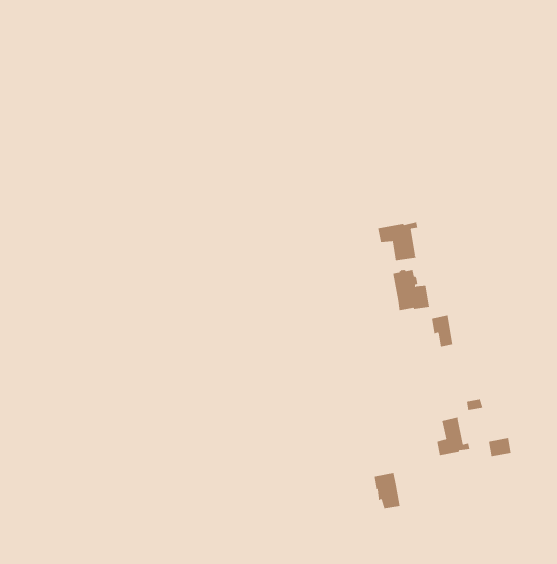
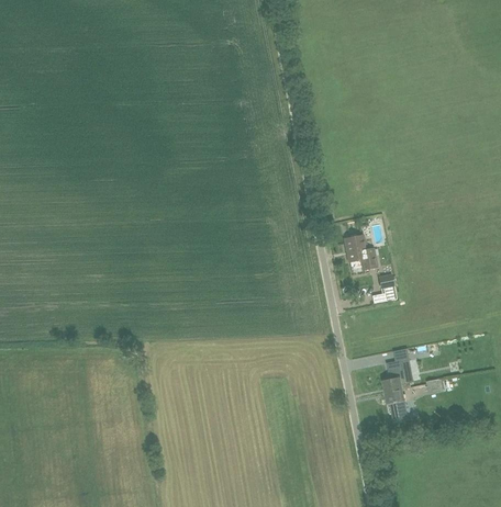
building: [378,221,418,261] -> none
building: [373,473,401,509] -> [385,388,408,419]

